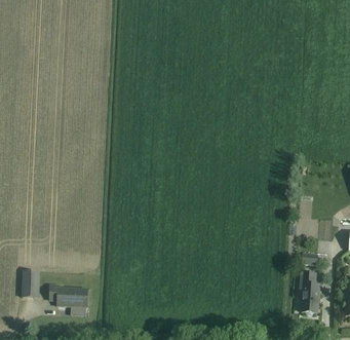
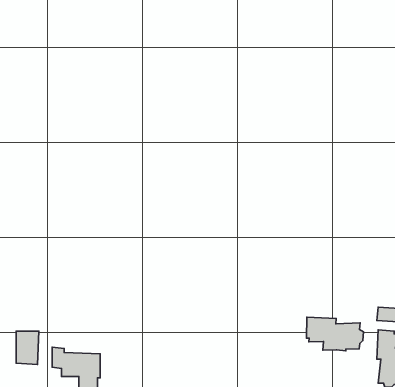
building: none -> [306,317,363,351]

